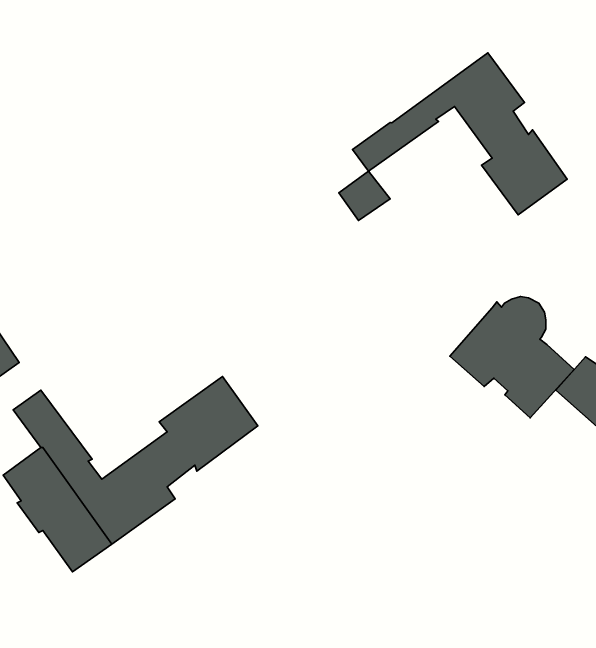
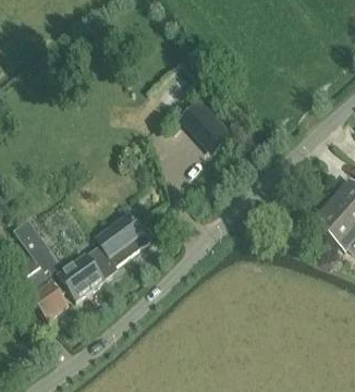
building: [352,53,567,215] -> none
building: [450,297,574,418] -> none

